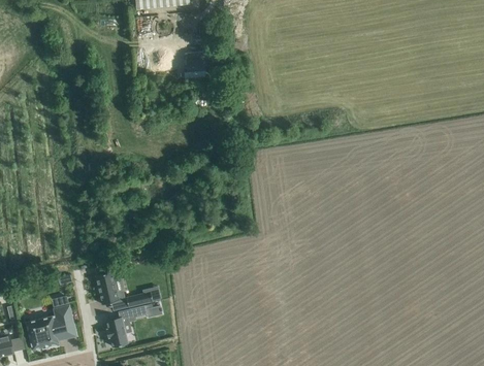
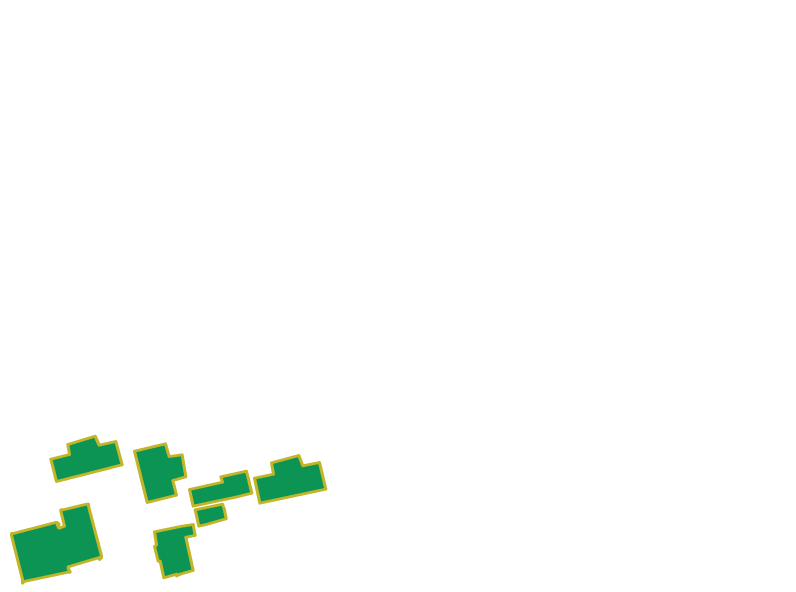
building: none -> [51,436,122,481]
building: none -> [254,455,326,503]

